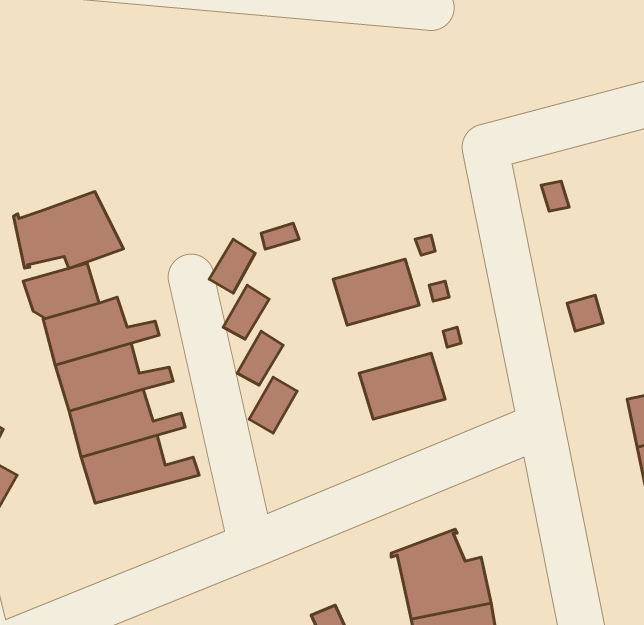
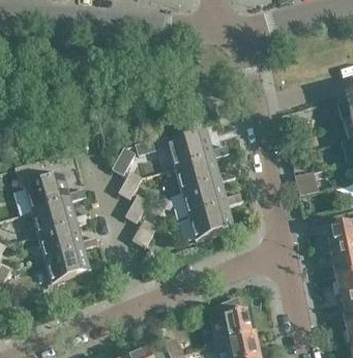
building: [13,192,123,268] -> none
building: none -> [169,131,212,167]
building: none -> [182,180,226,215]

